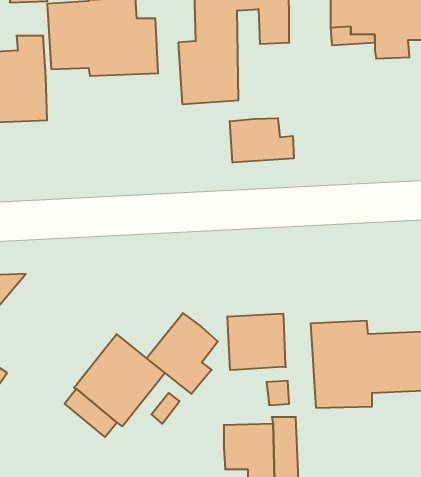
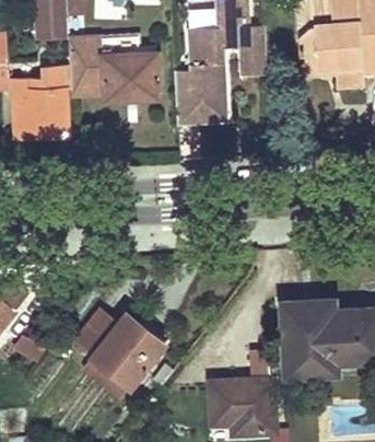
building: [230,118,294,163] -> none
building: [147,313,218,394] -> none
building: [228,314,286,370] -> none
building: none -> [73,310,116,354]

